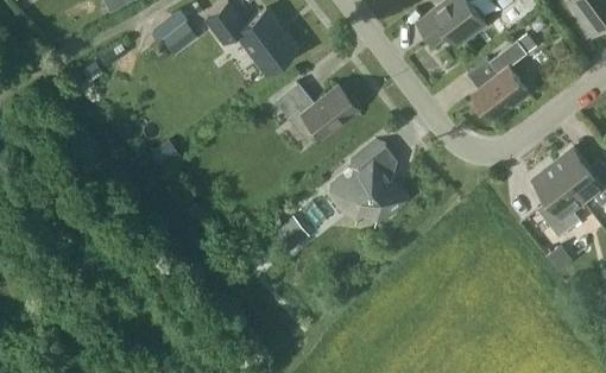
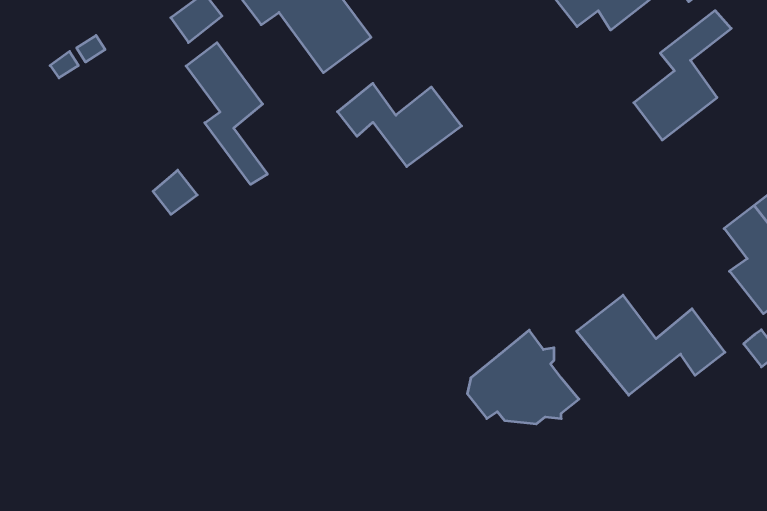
building: none -> [186,43,267,184]
building: [329,153,404,216] -> [467,330,579,424]
building: none -> [577,295,725,395]

